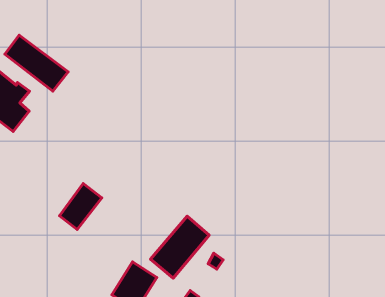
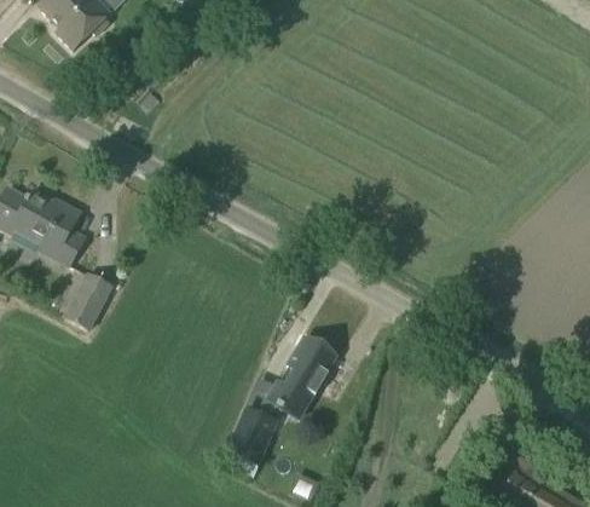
building: [5,35,68,91] -> none
building: [59,183,102,229] -> [64,270,114,329]

